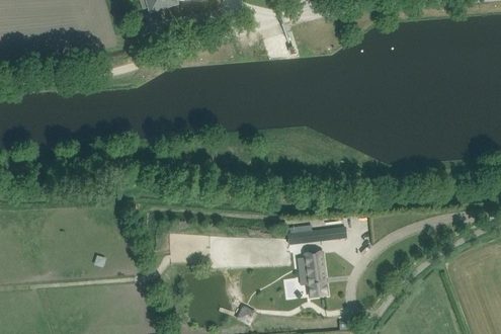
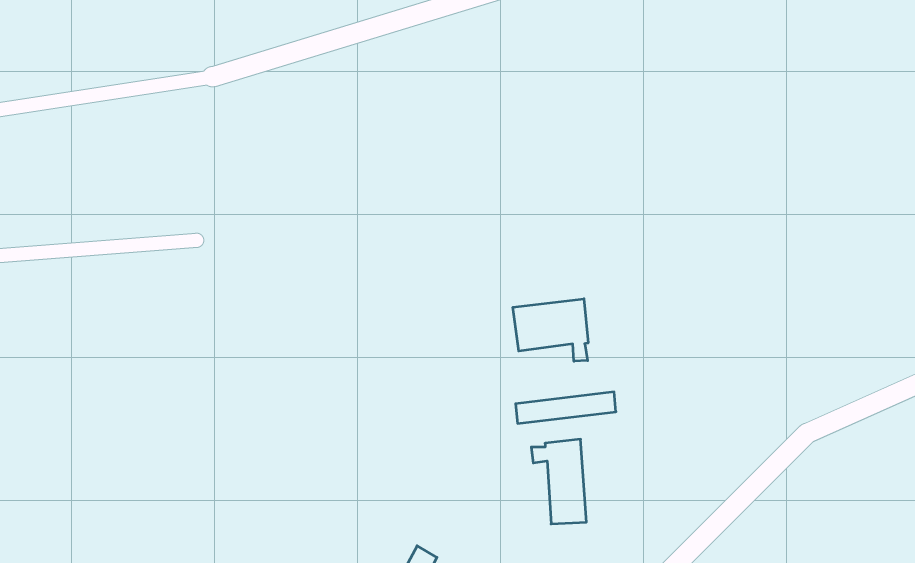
building: none -> [513,299,588,361]

